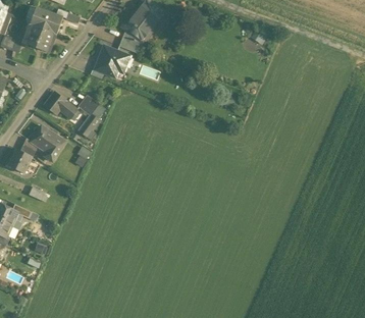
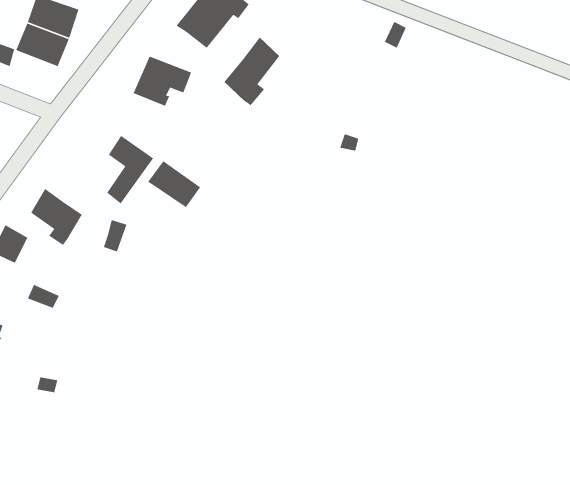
building: none -> [223,37,280,106]
building: [44,93,76,118] -> none
building: none -> [147,160,201,208]

